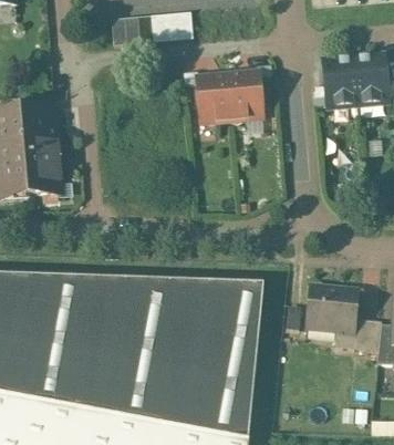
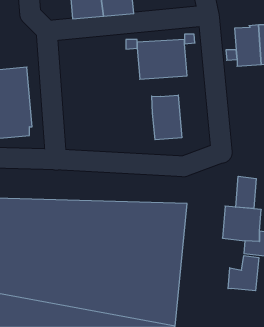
building: none -> [152,95,182,140]
building: none -> [236,176,256,209]
building: none -> [228,256,259,291]

